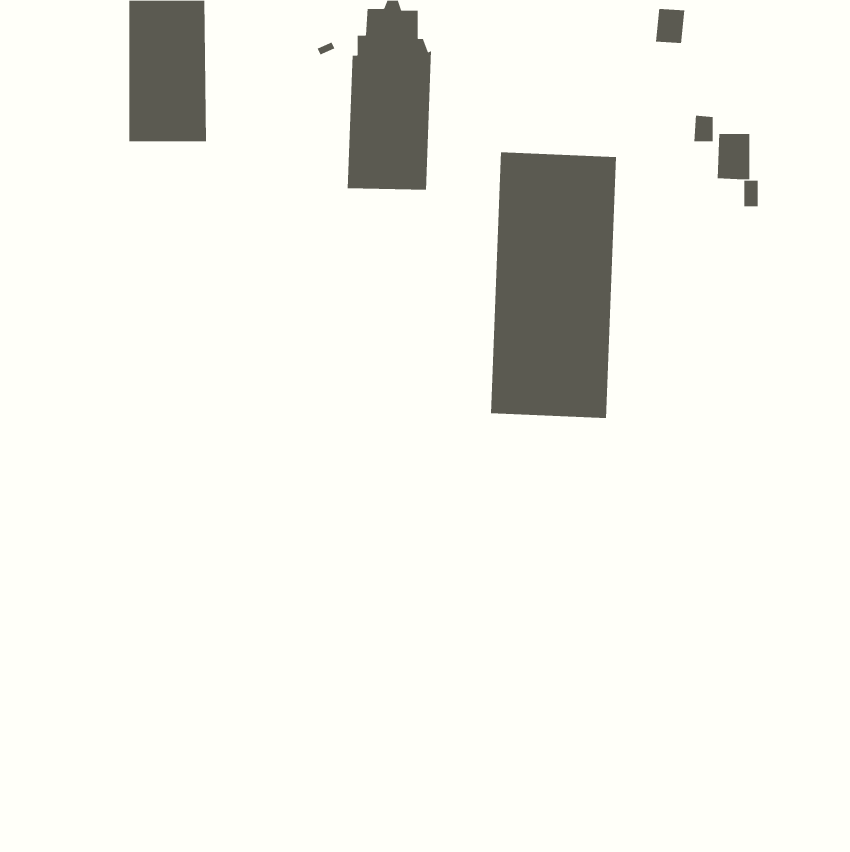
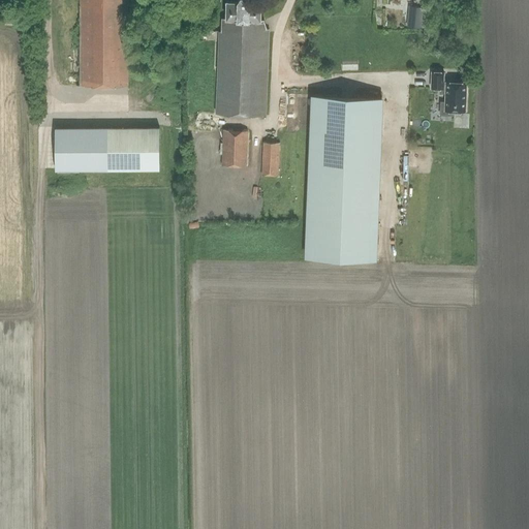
building: none -> [220,129,247,166]
building: none -> [55,130,159,173]
building: none -> [260,142,279,176]

